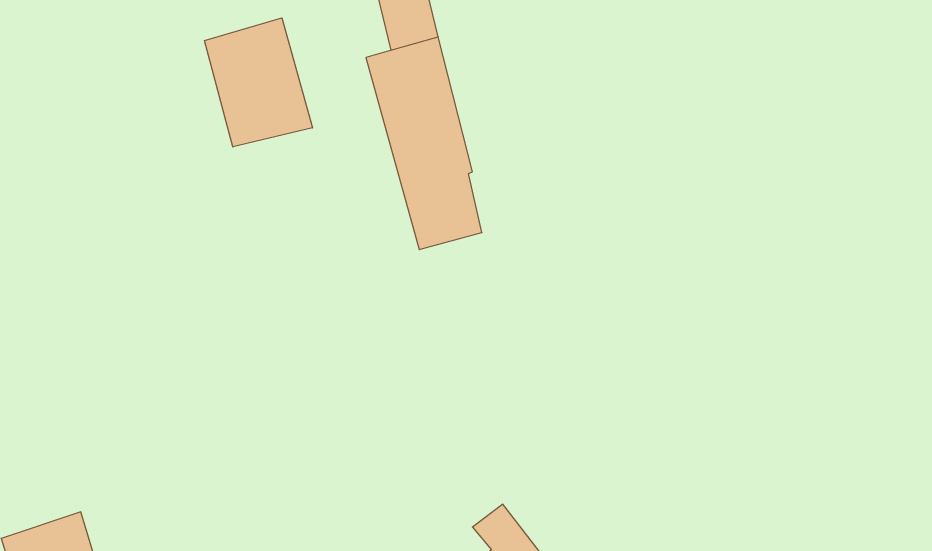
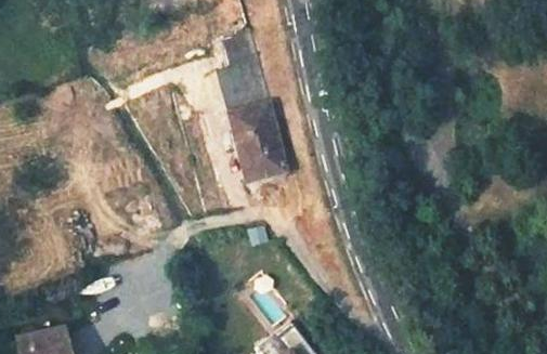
building: [205,18,312,147] -> none

